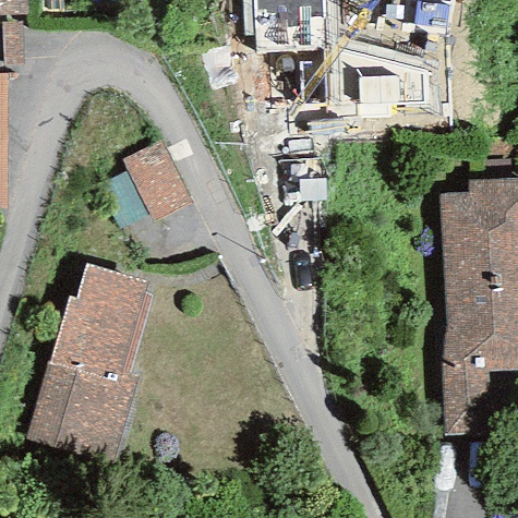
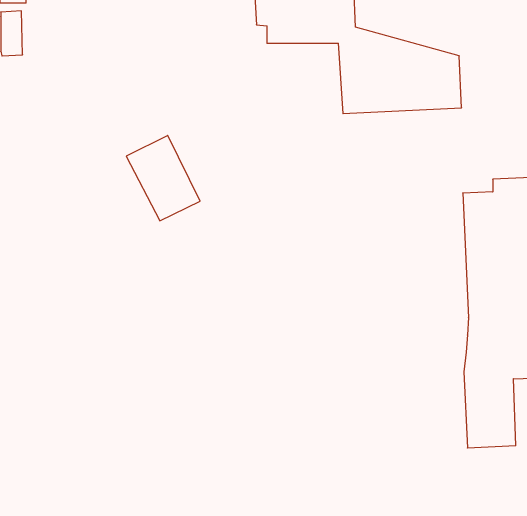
building: [25,262,152,466] -> none

